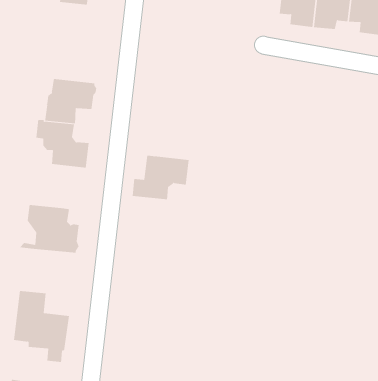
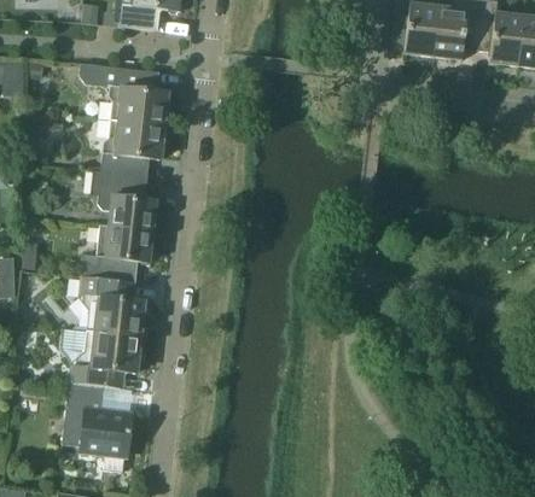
building: none -> [78,64,168,127]
building: [132,155,189,200] -> [81,226,152,281]
building: none -> [69,332,143,388]

